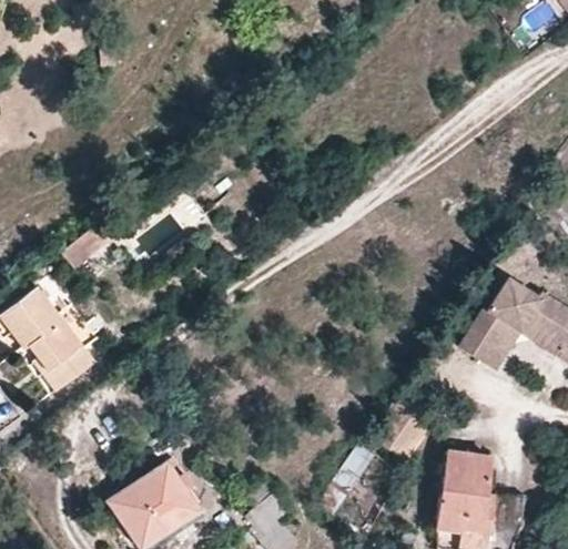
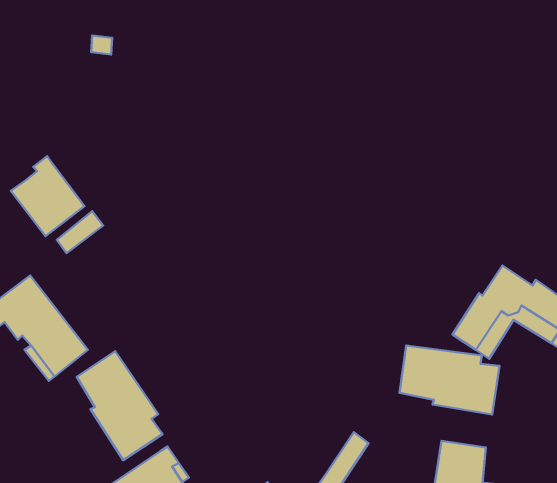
building: none -> [11,156,85,236]
building: none -> [400,345,499,414]
building: none -> [77,351,163,460]

